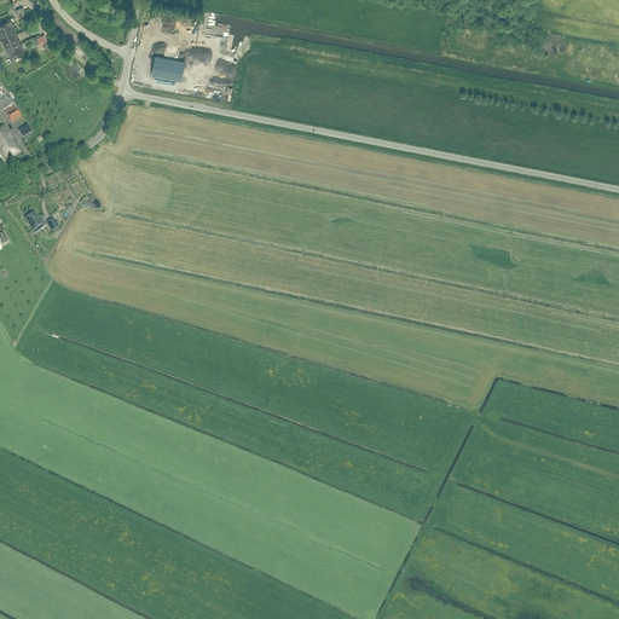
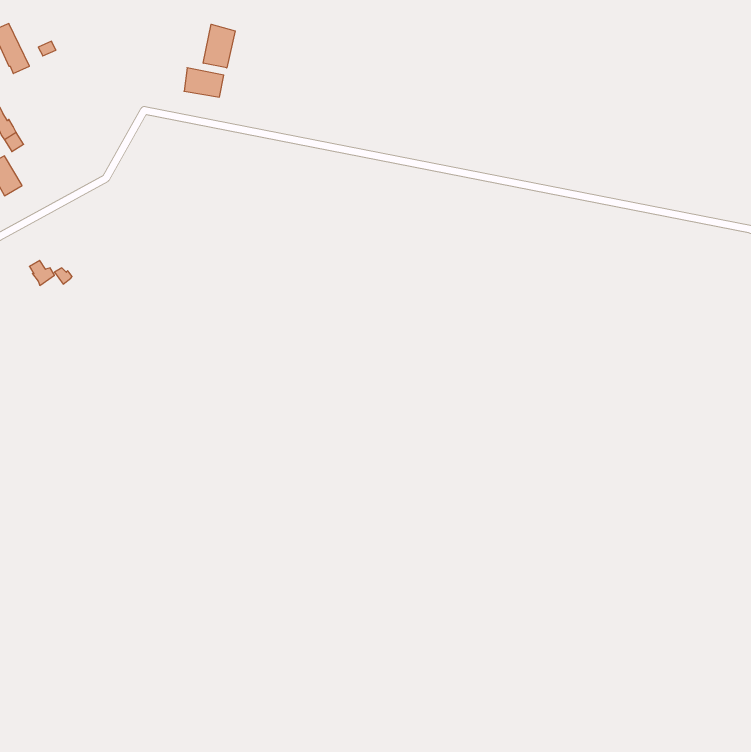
building: none -> [203,24,235,68]

